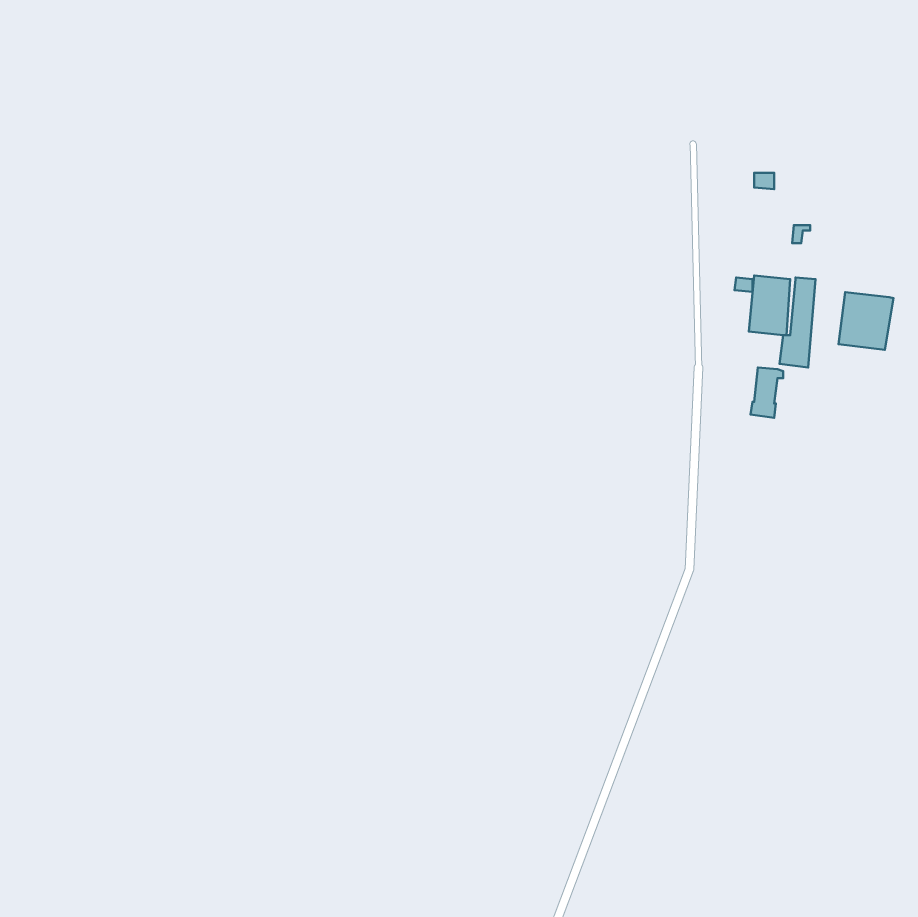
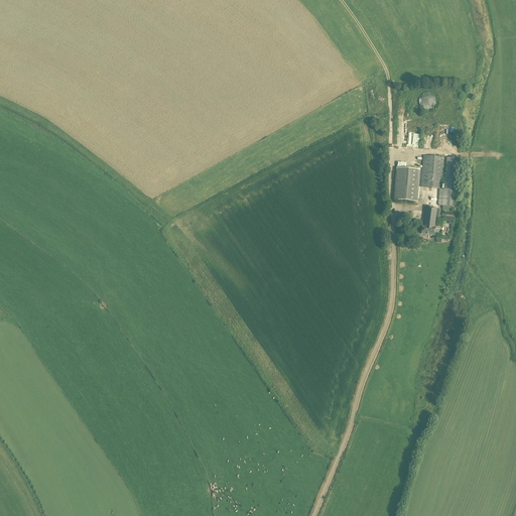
building: [839,292,894,350] -> none
building: none -> [393,166,419,201]

